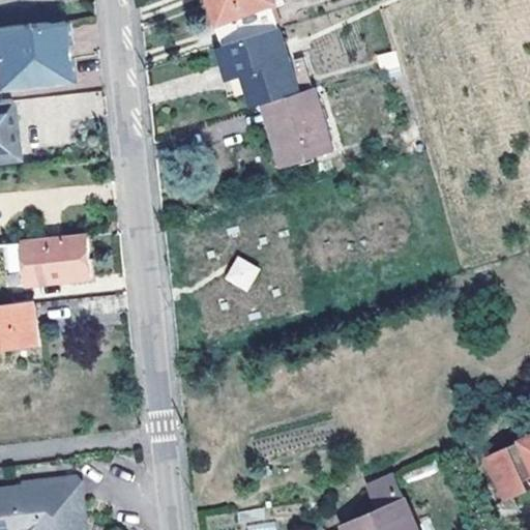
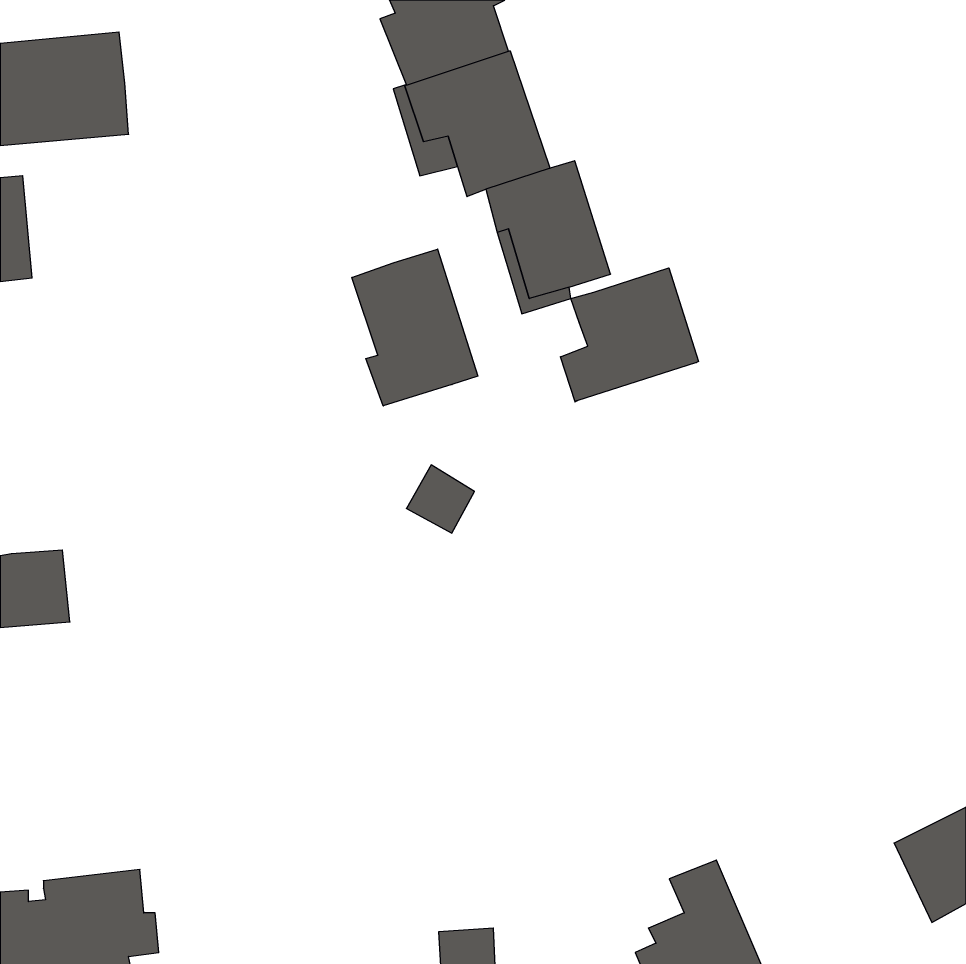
building: none -> [352,249,478,406]
building: none -> [560,268,698,402]
building: [5,234,91,284] -> none

